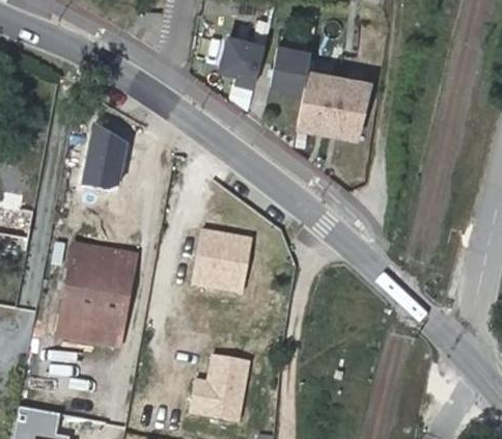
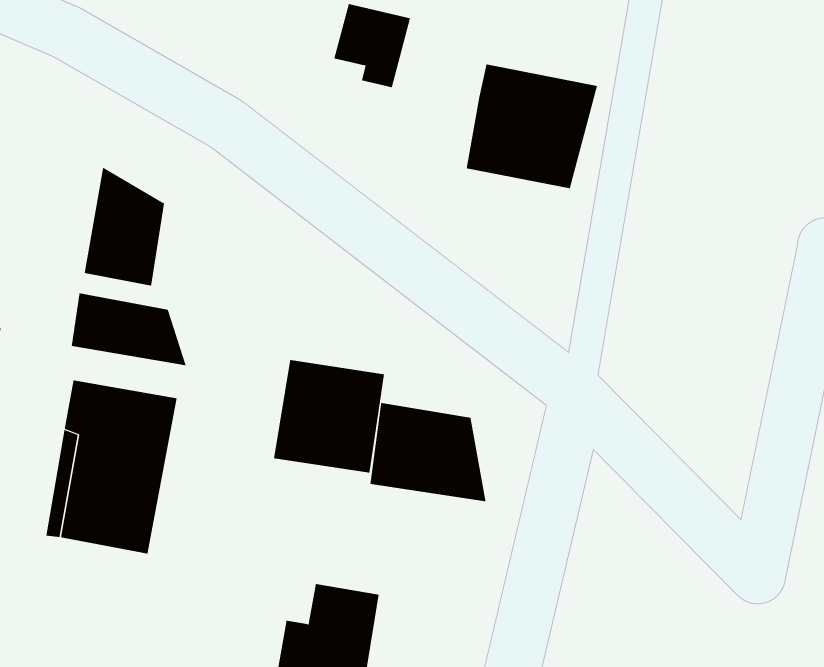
building: [272,39,311,84] -> none
building: none -> [71,293,186,366]
building: none -> [370,402,486,502]

